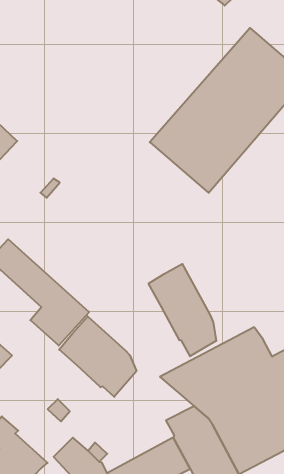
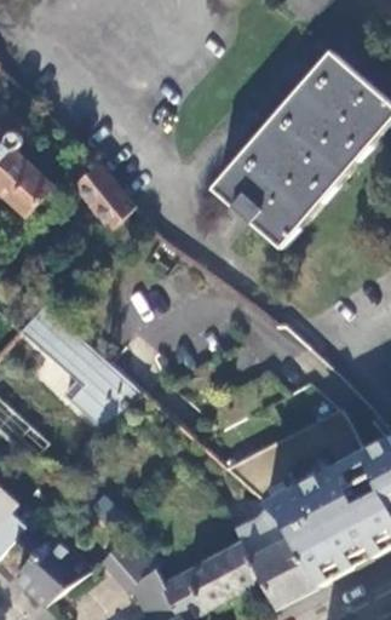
building: none -> [67,165,132,231]
building: [149,264,216,356] -> none
building: [59,316,136,397] -> none

